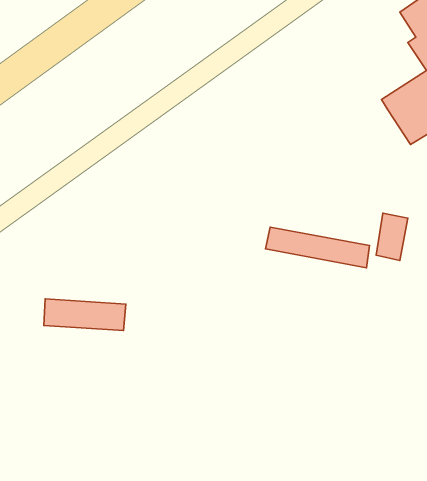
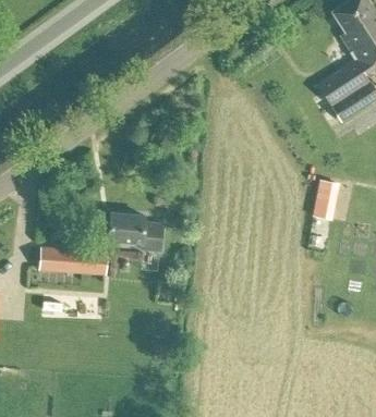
building: [266,227,369,268] -> none
building: none -> [108,213,161,250]

